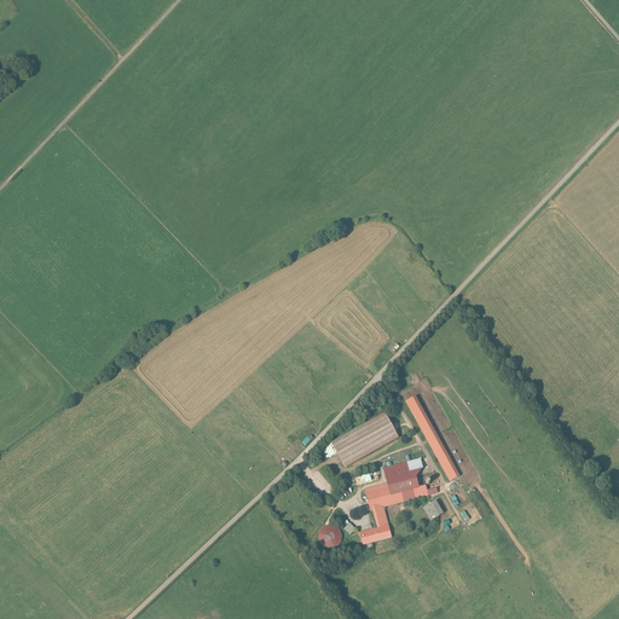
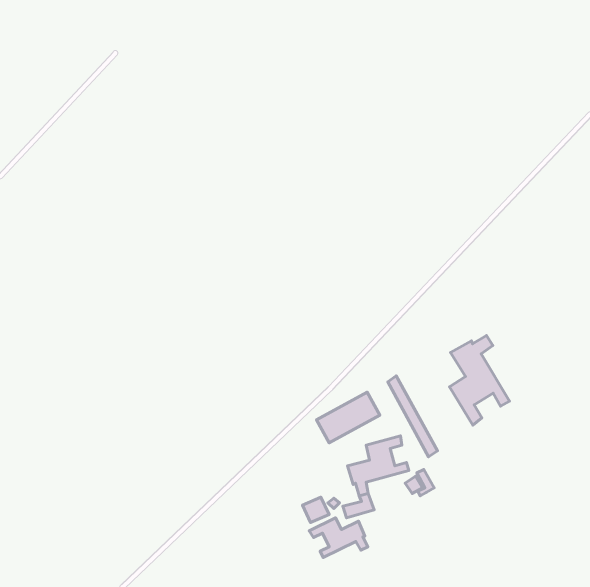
building: none -> [450,335,510,425]
building: none -> [309,518,368,557]

